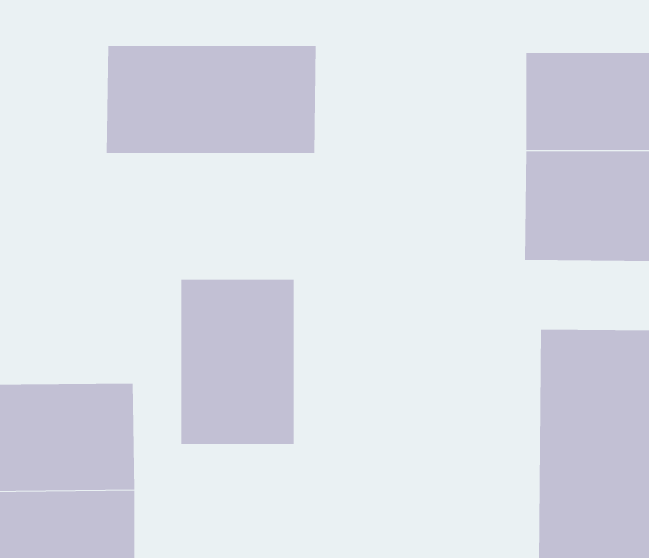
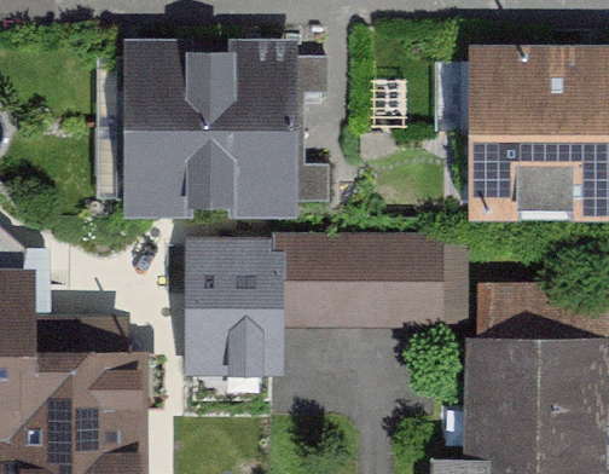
building: none -> [123,132,296,219]
building: none -> [279,236,452,326]

